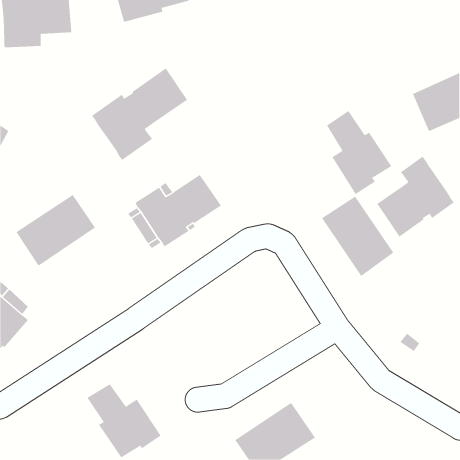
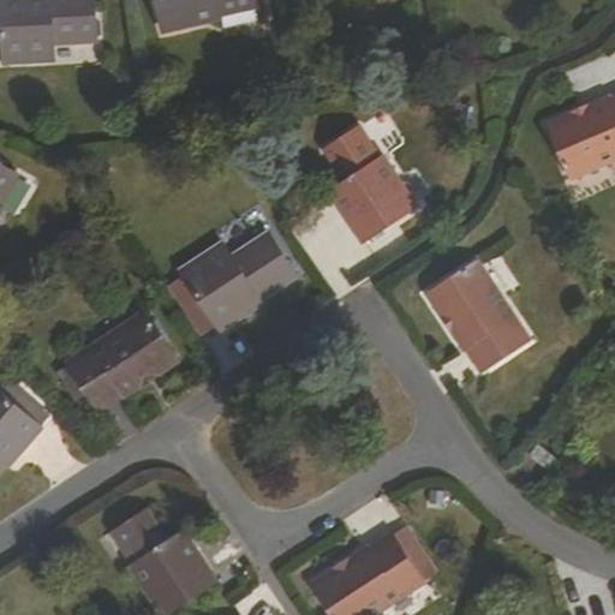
building: [91,67,188,161] -> none
building: [326,110,392,195] -> [324,131,412,244]
building: [377,156,455,237] -> none
building: [16,194,96,266] -> [68,314,175,410]

